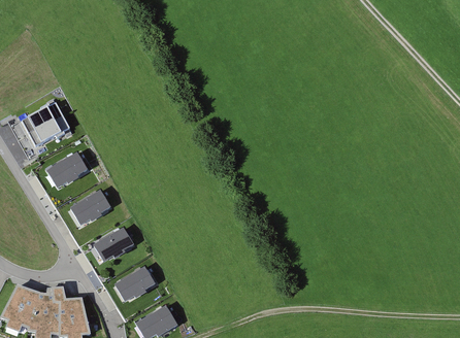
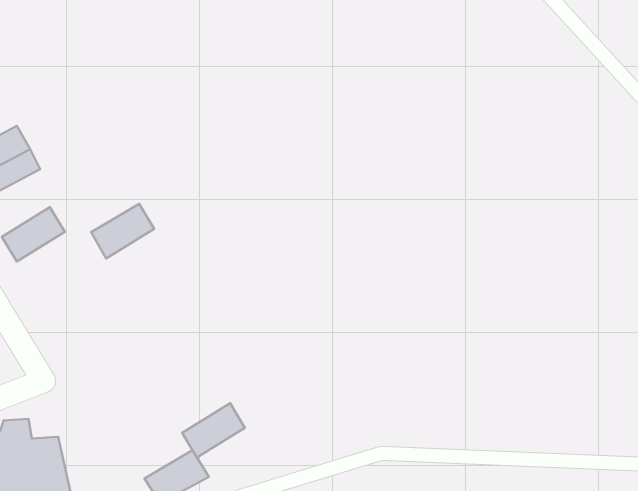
building: [71,191,110,225] -> [91,204,154,258]
building: [94,228,133,262] -> none
building: [116,266,155,300] -> [182,403,245,458]

